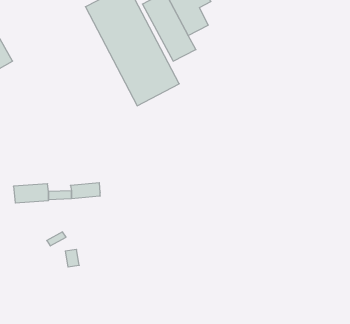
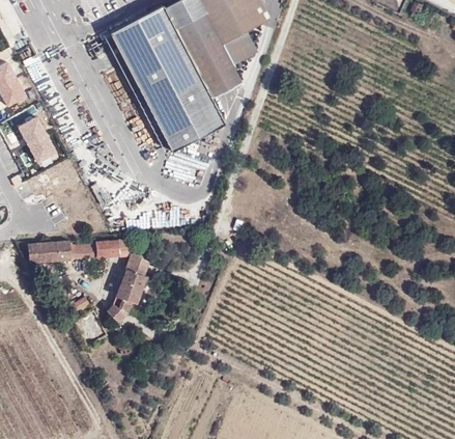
building: none -> [19,118,57,164]
building: none -> [106,251,148,323]

